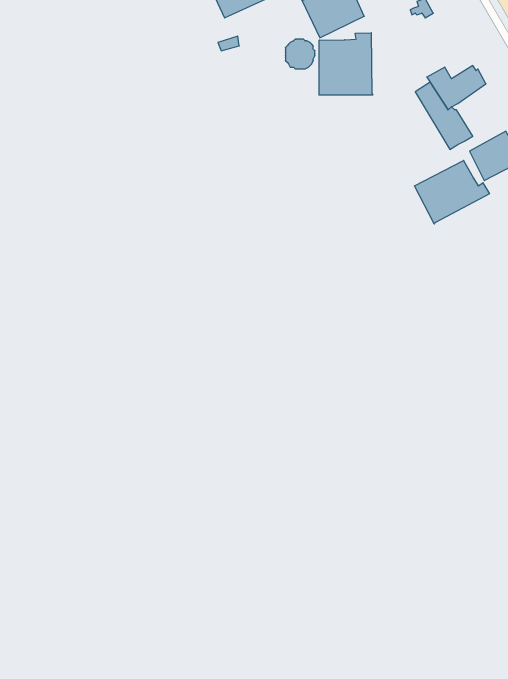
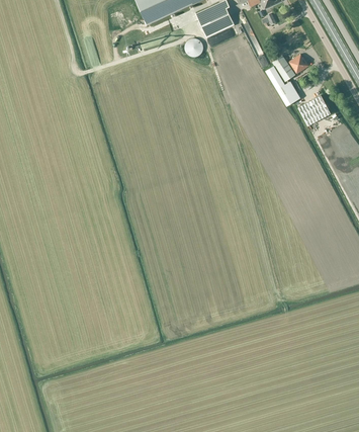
building: [319,33,373,95] -> none
building: [414,160,489,224] -> none

